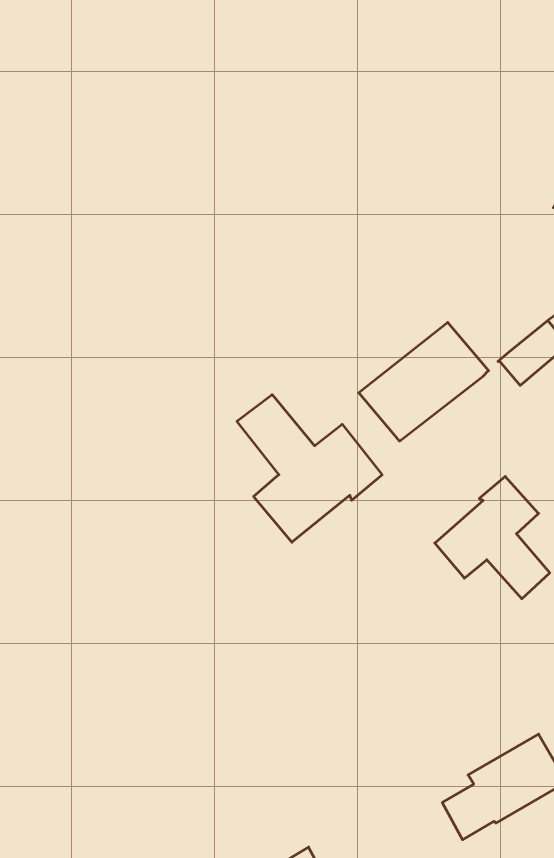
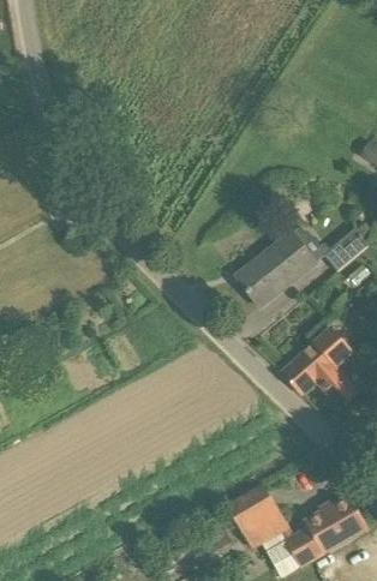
building: [237,395,382,542] -> none
building: none -> [229,486,288,546]

